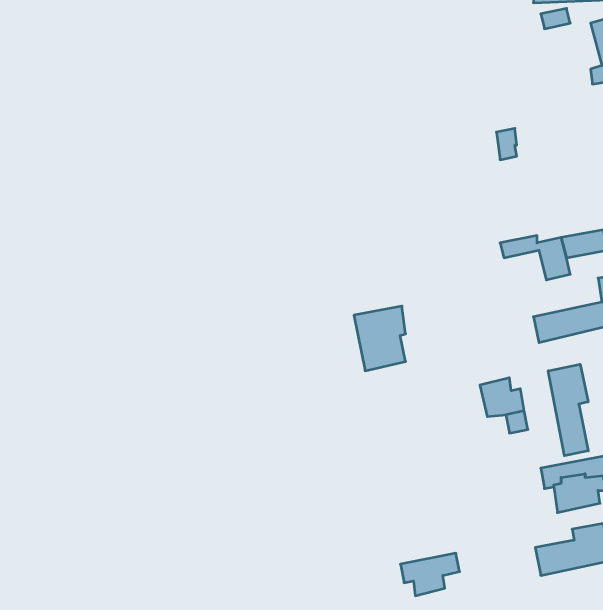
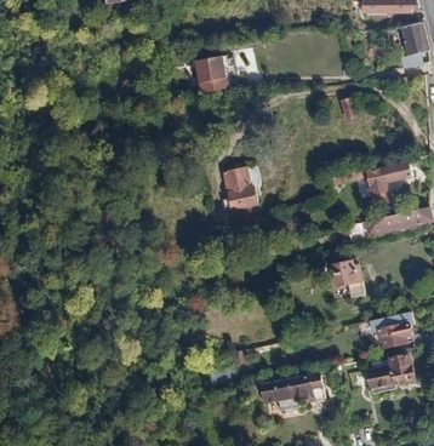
building: none -> [196,56,228,92]
building: [354,306,406,371] -> [217,161,251,204]
building: [548,364,588,456] -> none

